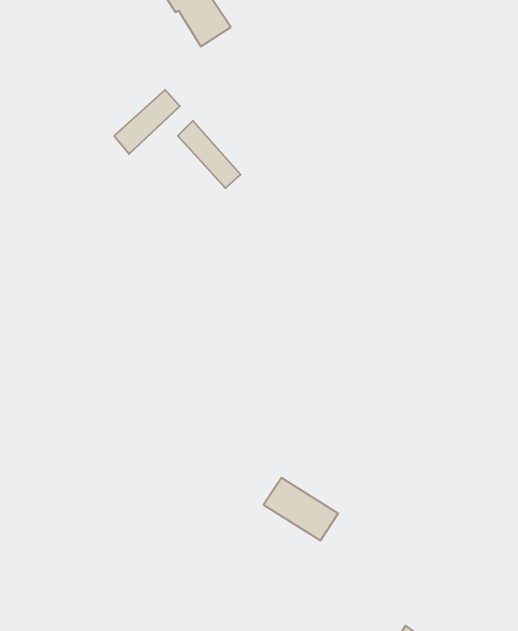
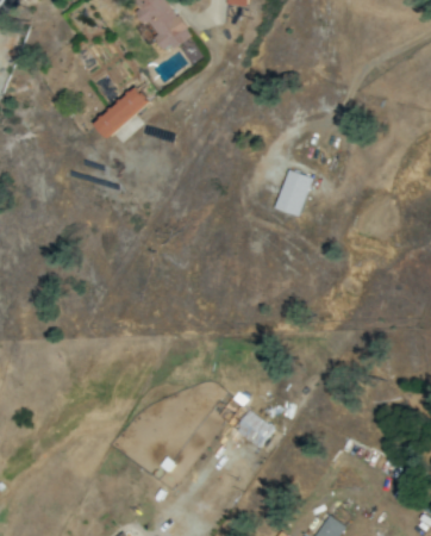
building: [178,121,241,188] -> none
building: none -> [275,169,312,217]

